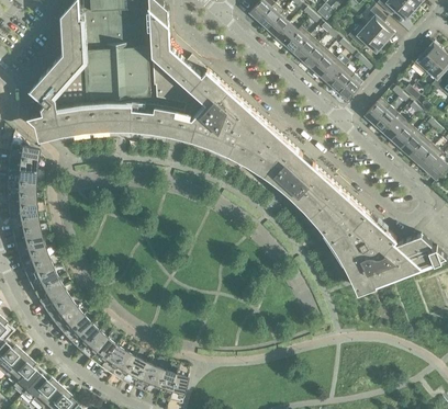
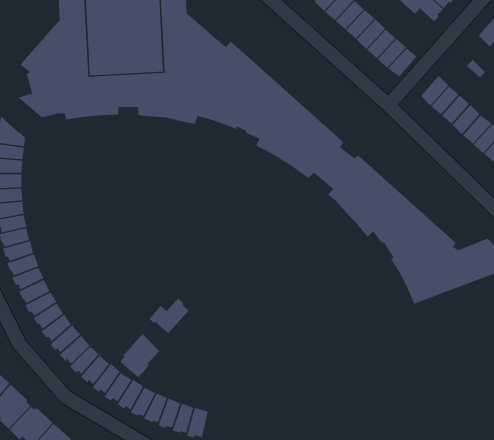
building: none -> [148,297,190,334]
building: none -> [119,333,160,378]

